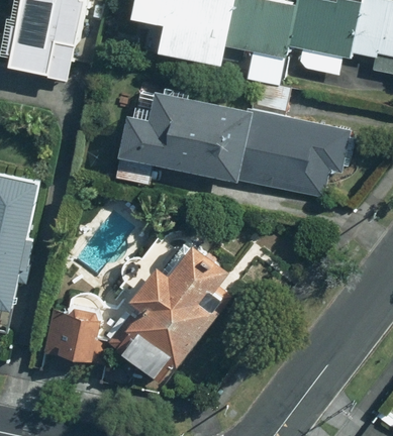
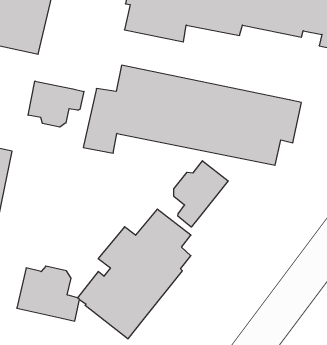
building: none -> [28,81,84,127]
building: none -> [174,161,228,227]

